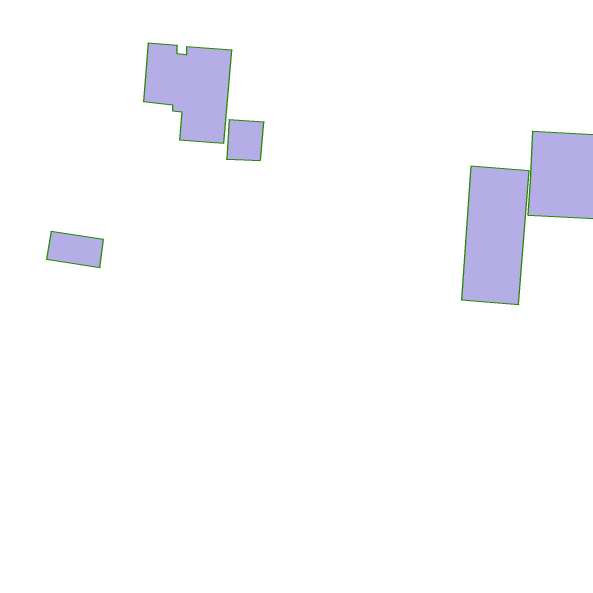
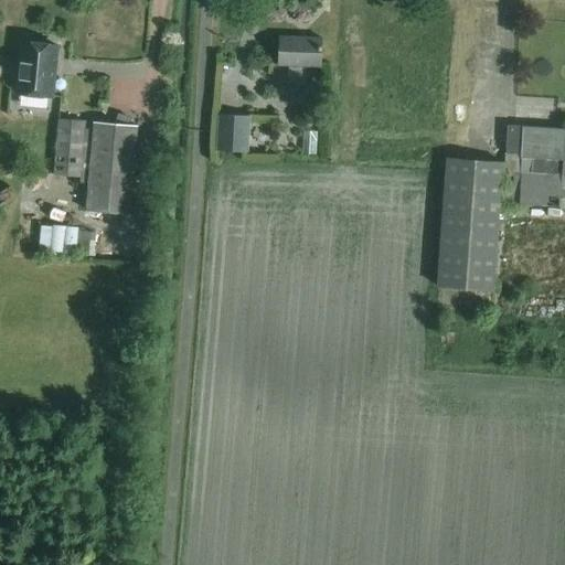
building: none -> [279,36,322,84]
building: [143,43,232,143] -> [53,118,137,213]
building: none -> [18,42,57,96]

